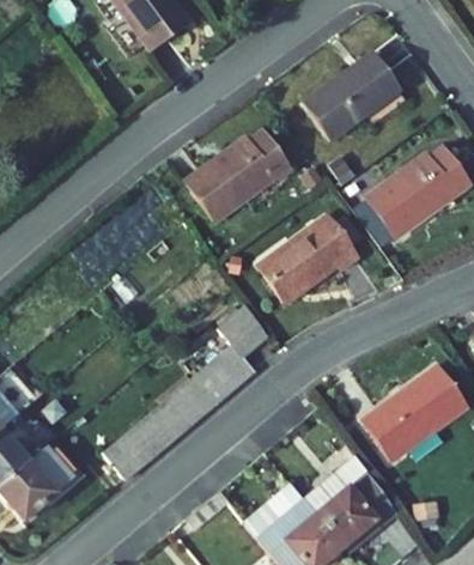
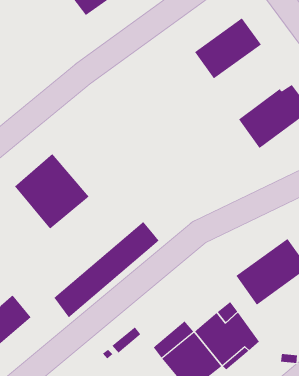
building: [186,129,290,221] -> none
building: [259,214,359,303] -> none
building: none -> [14,153,89,230]
building: [220,304,271,356] -> none

